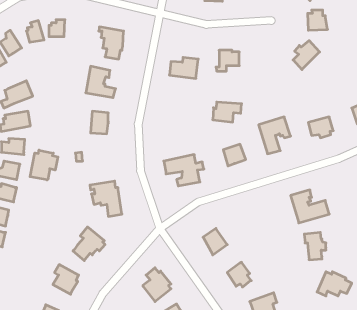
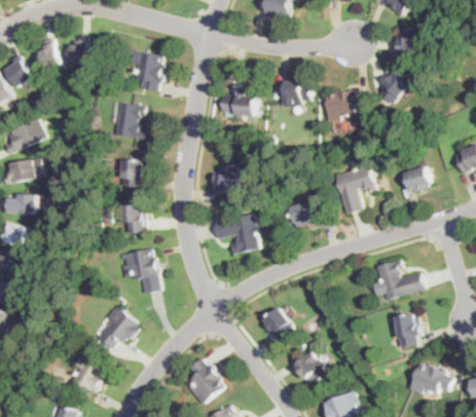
building: none -> [327,90,362,122]
building: [213,102,242,122] -> [212,165,249,191]
building: none -> [119,204,146,234]
building: [30,150,58,180] -> none

